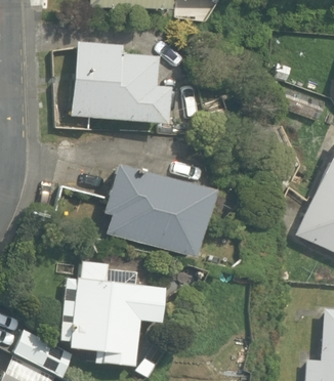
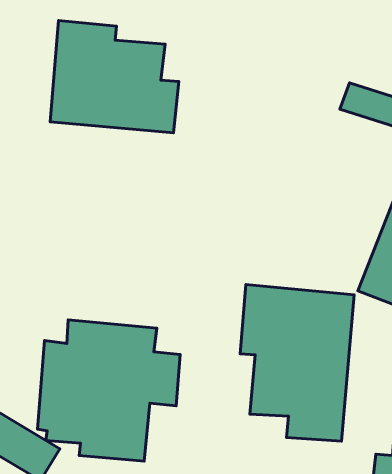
building: [105,165,212,257] -> none
building: none -> [240,285,354,441]

